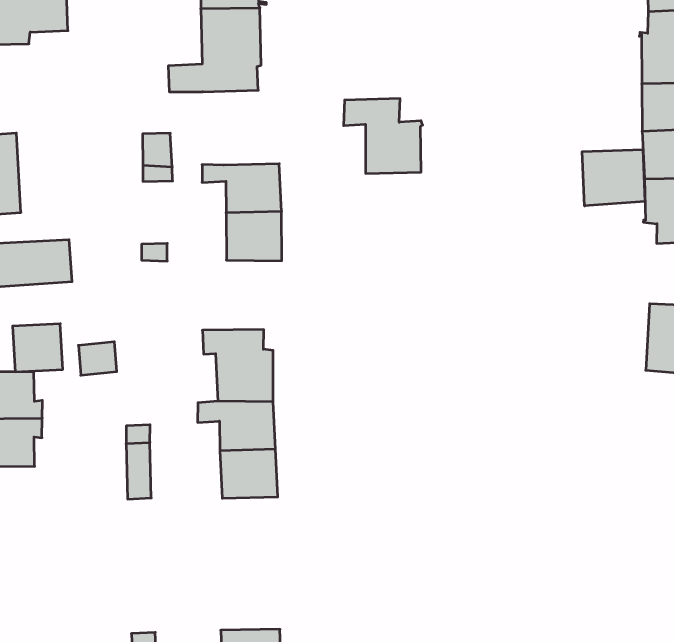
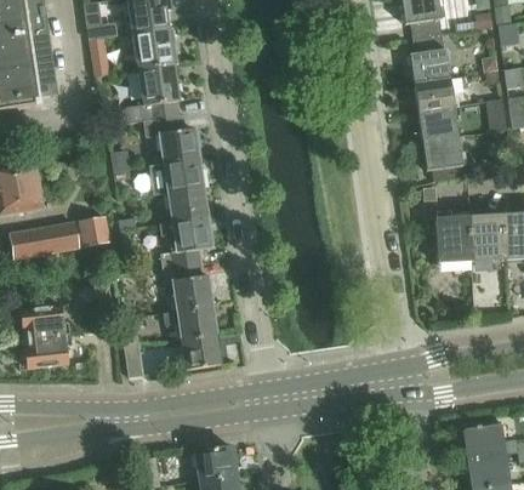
building: [344,99,423,173] -> [146,116,198,165]
building: [582,149,645,206] -> none
building: none -> [150,220,211,269]
building: [13,324,63,372] -> [80,212,114,245]

